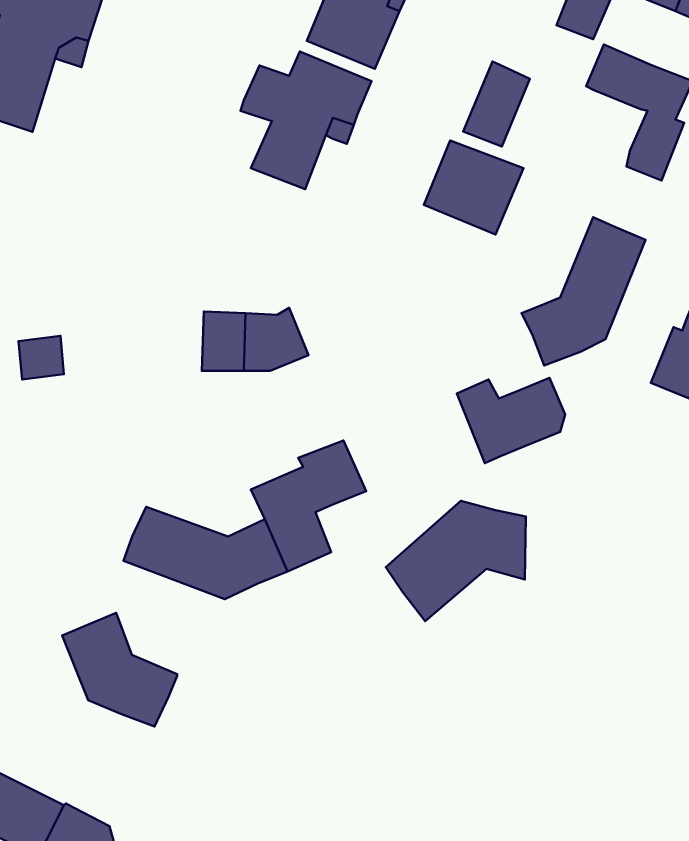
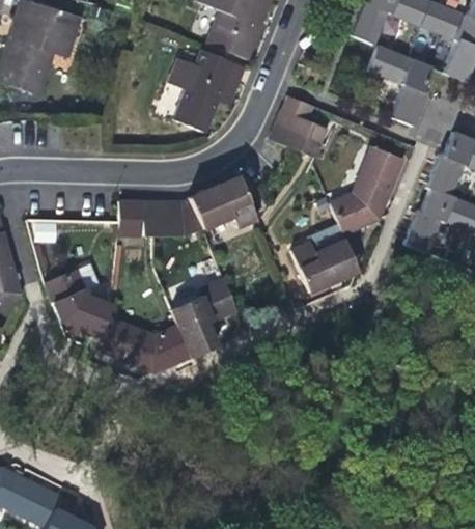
building: [463,61,530,147] -> none
building: none -> [191,176,258,228]
building: none -> [116,201,142,238]
building: [386,501,526,621] -> none
building: [62,613,177,726] -> [45,269,113,336]

